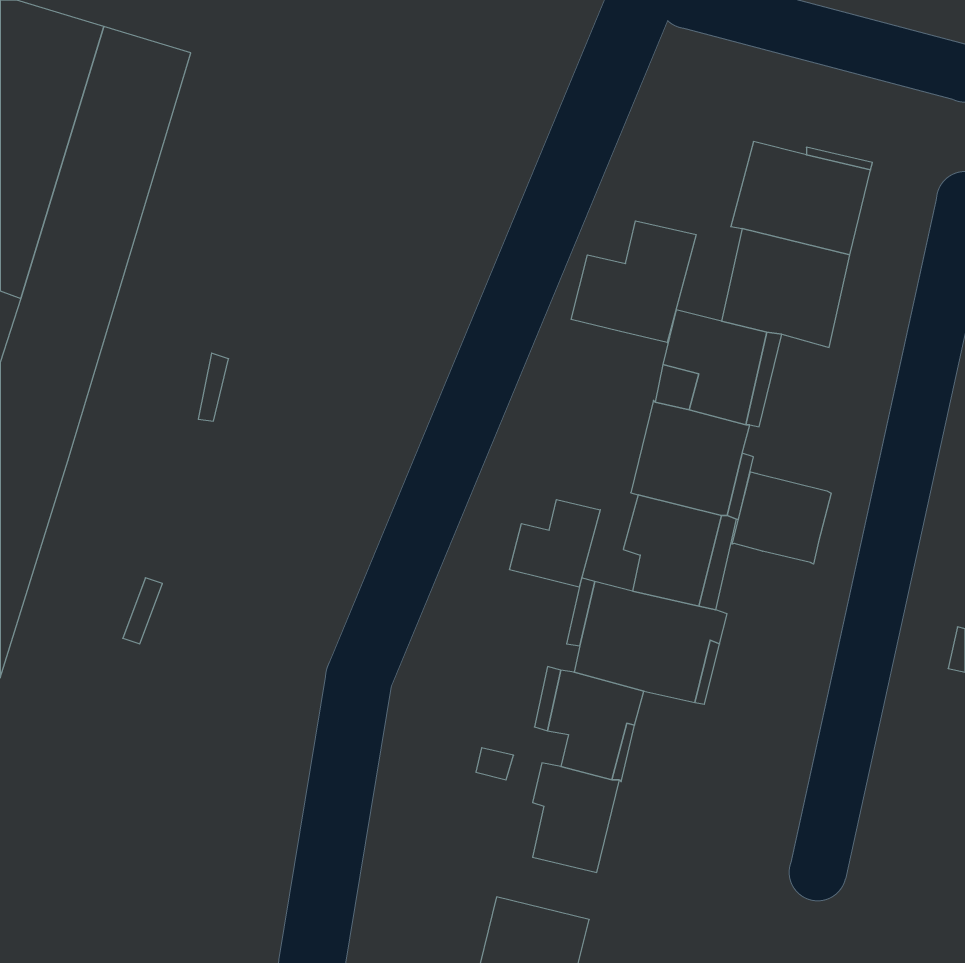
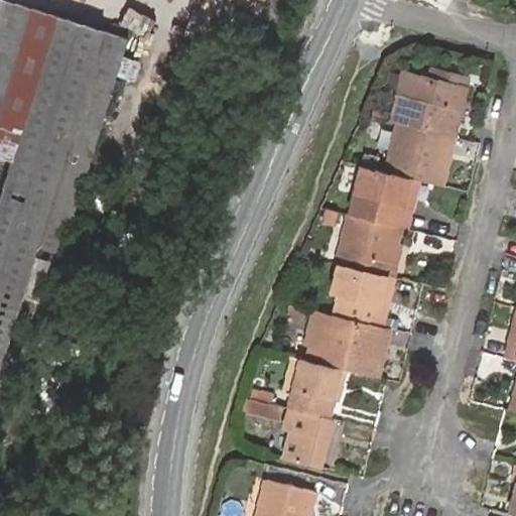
building: none -> [36,29,127,255]
building: [571,221,696,343] -> none
building: [732,472,831,564] -> none
building: [510,500,600,587] -> none

